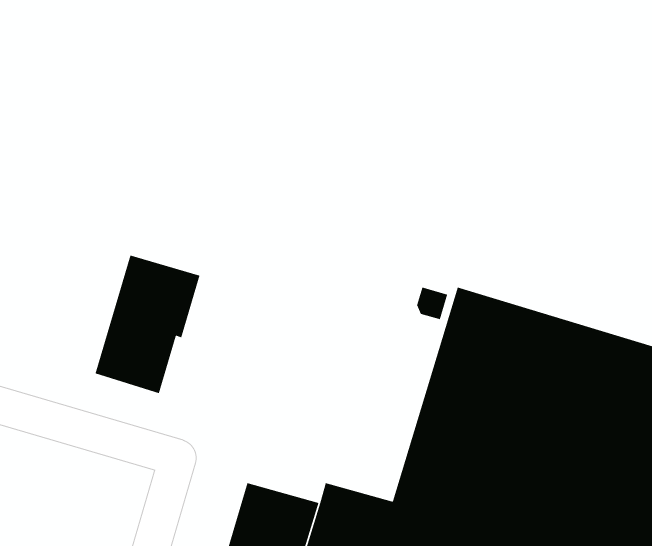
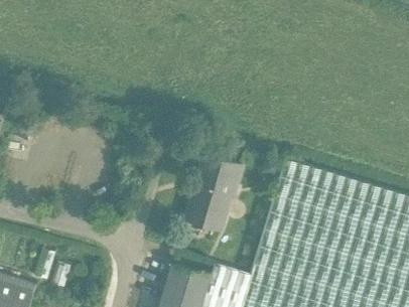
building: [94,255,201,394] -> [185,155,243,231]

